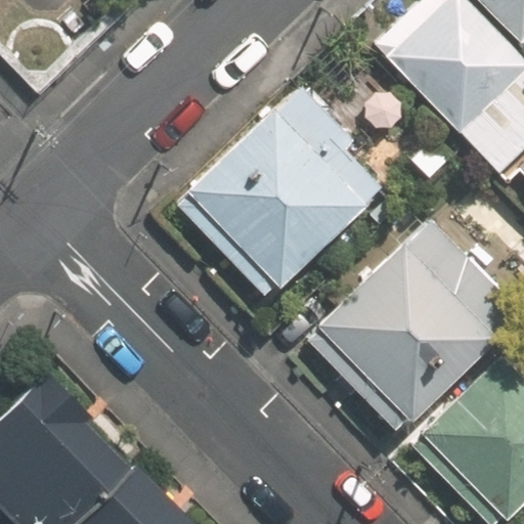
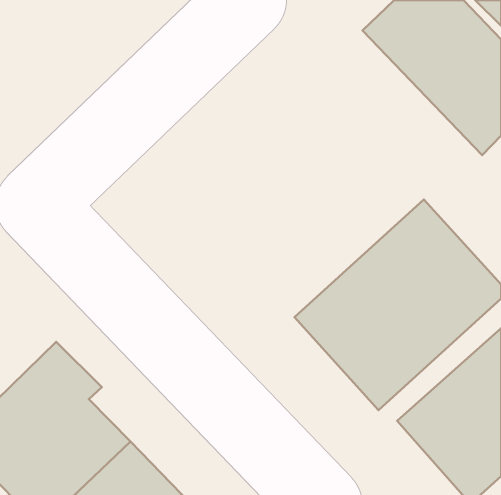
building: [190,91,387,287] -> none

